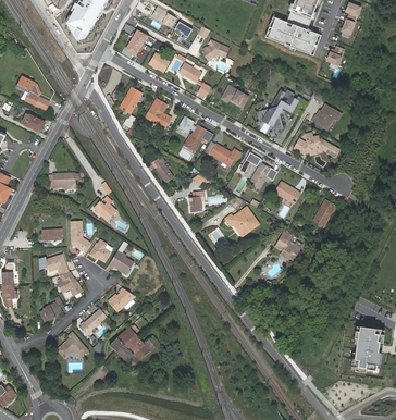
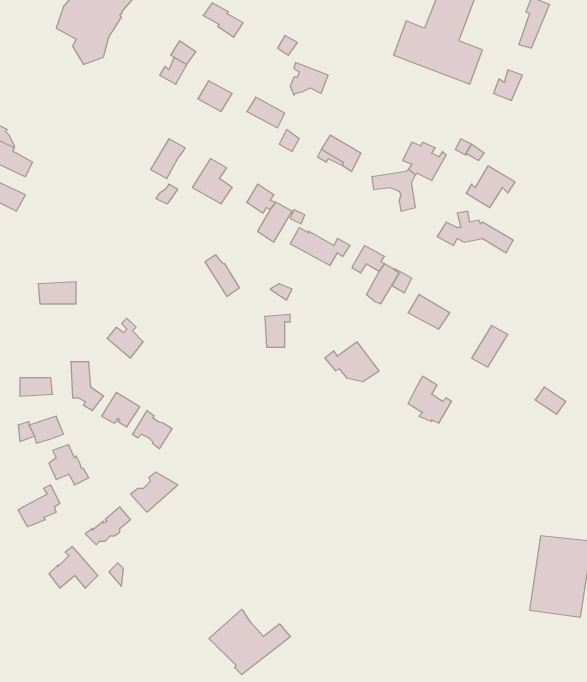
building: [111,328,160,367] -> [209,609,291,675]

